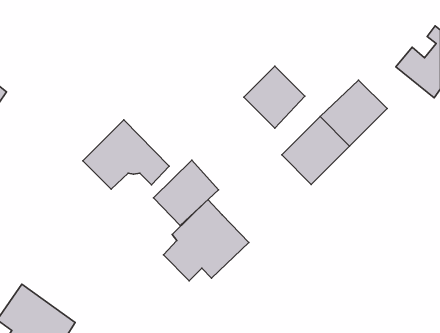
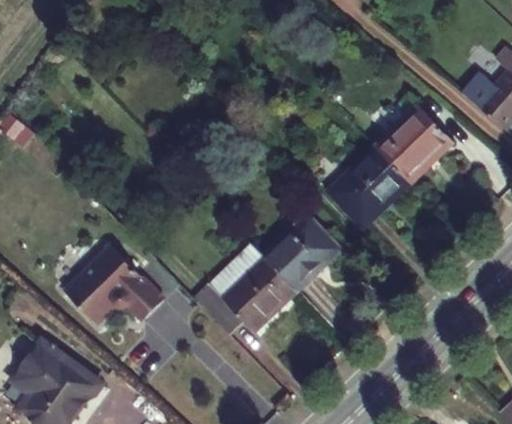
building: [244,66,305,128] -> none
building: [83,120,169,189] -> [64,247,161,325]
building: [153,160,219,225] -> [266,219,339,292]

